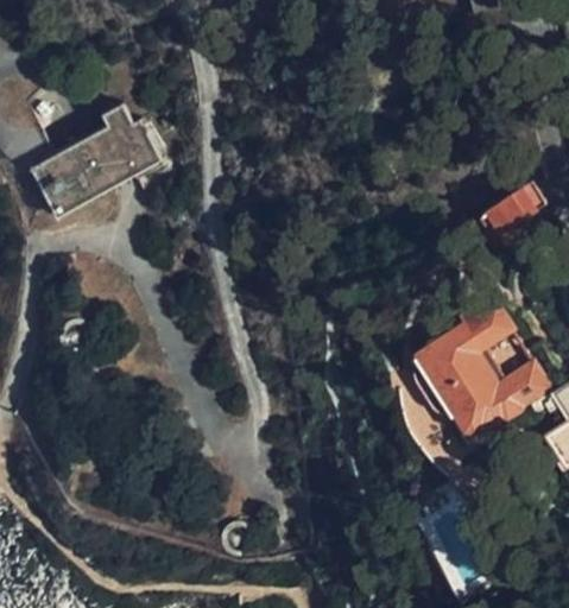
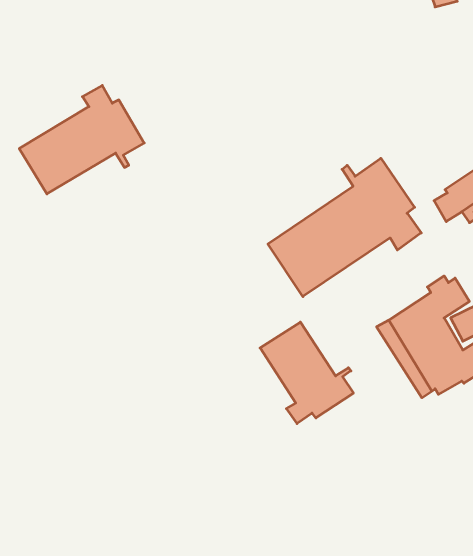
building: none -> [268,158,421,297]
building: none -> [260,322,353,424]

